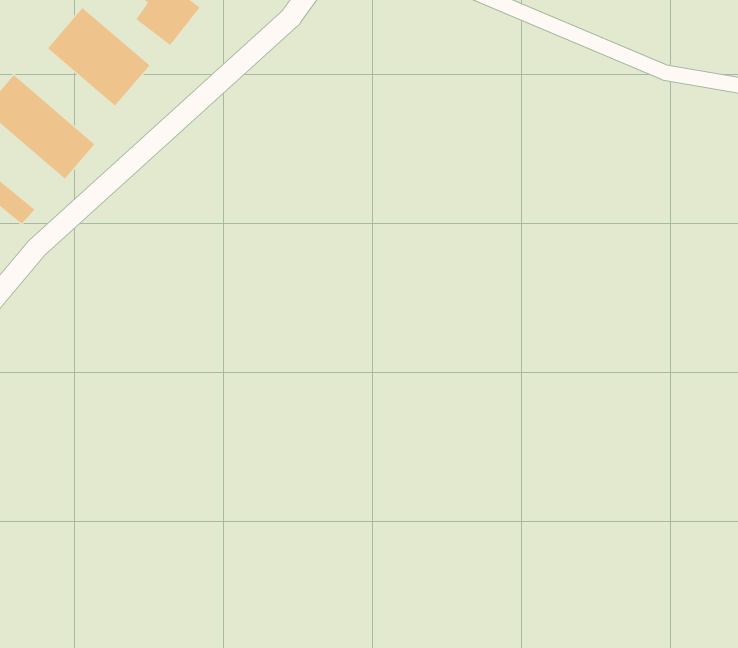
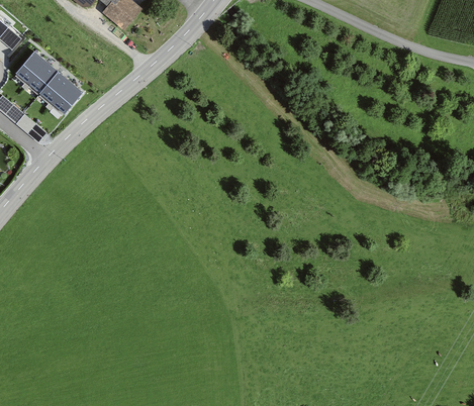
building: [47,7,150,106] -> none

